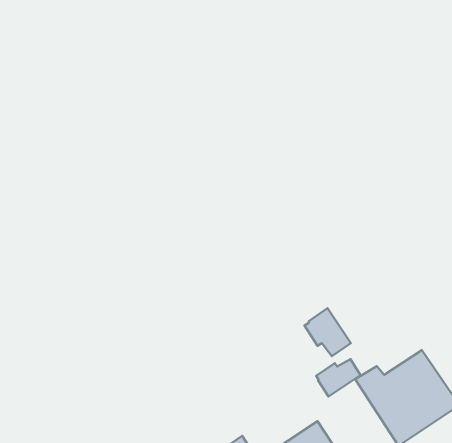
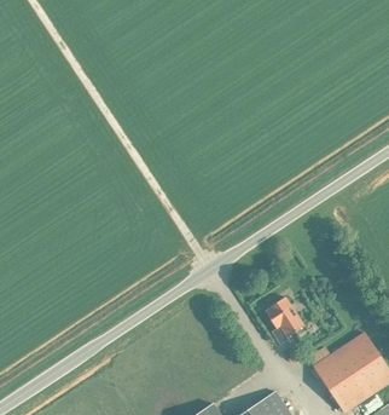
building: [316,359,361,397] -> none

